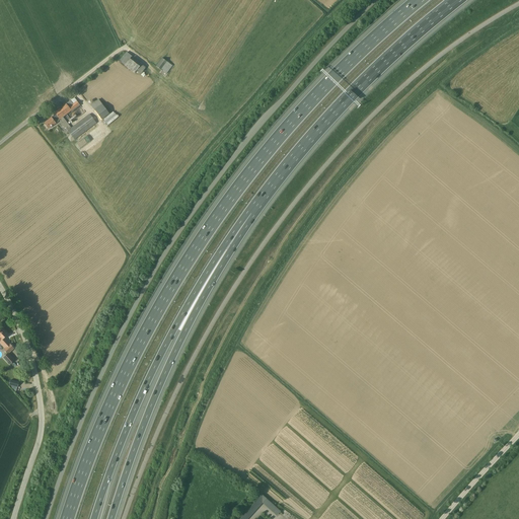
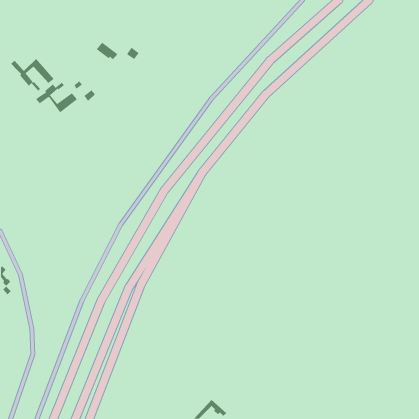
building: none -> [10,58,55,91]

